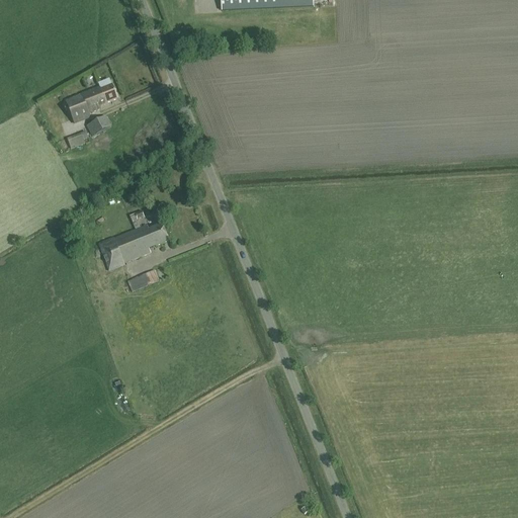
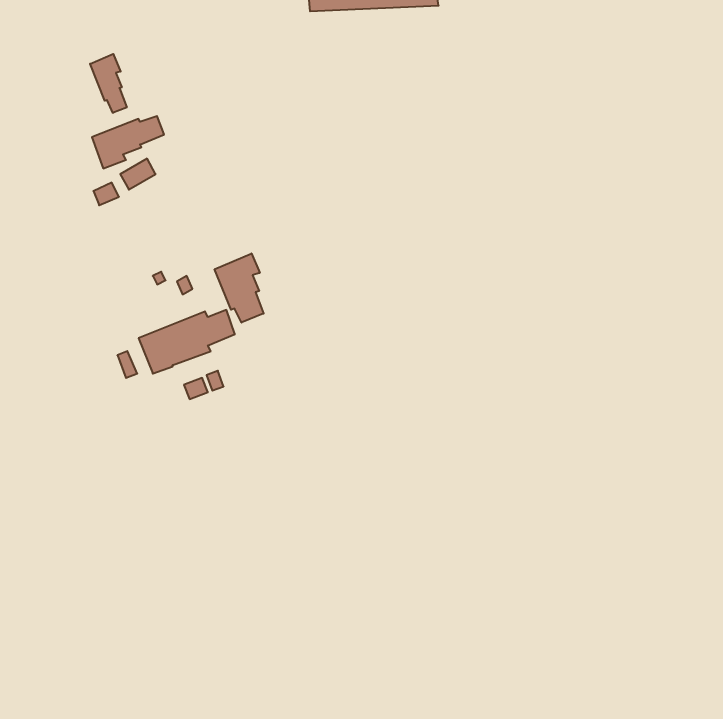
building: none -> [90,54,127,113]
building: none -> [215,253,264,323]

